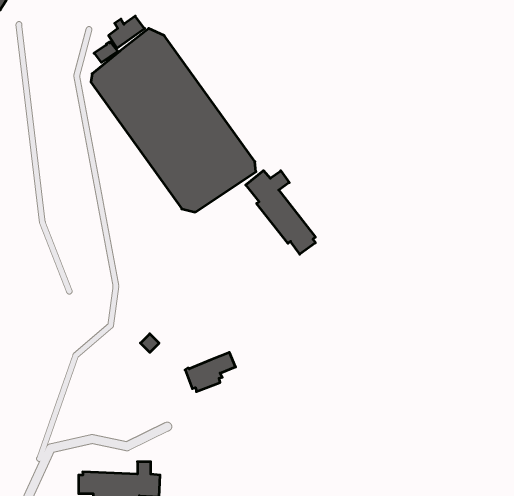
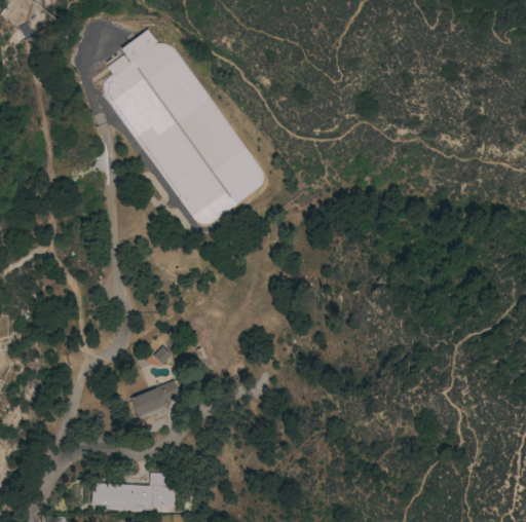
building: [246,171,315,254] -> none
building: [185,352,236,392] -> [128,380,179,419]

